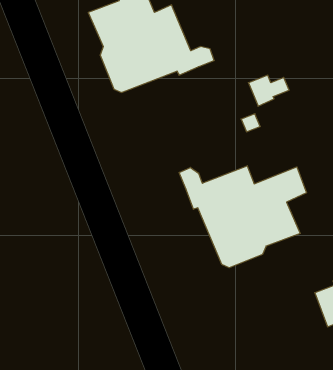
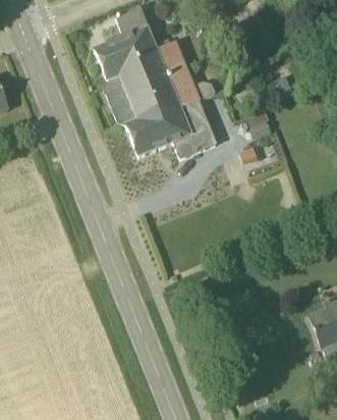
building: none -> [125,100,216,158]
building: [179,166,307,268] -> none

